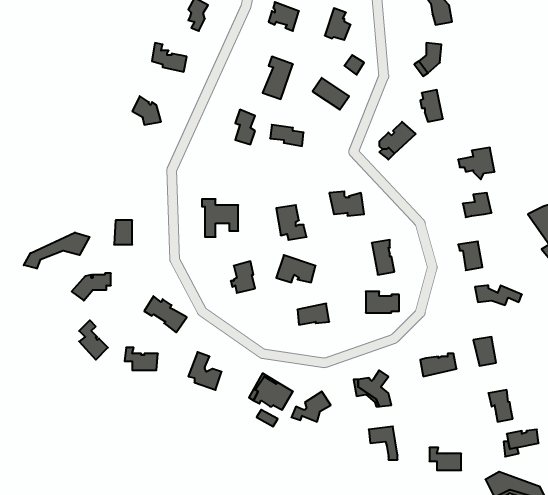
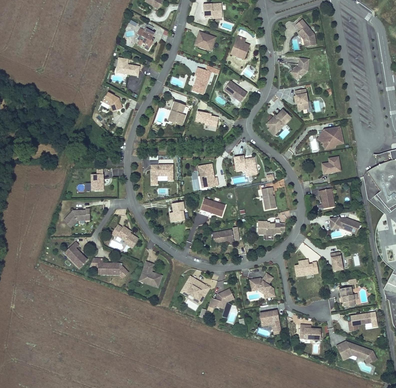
building: [24,232,90,269] -> none

